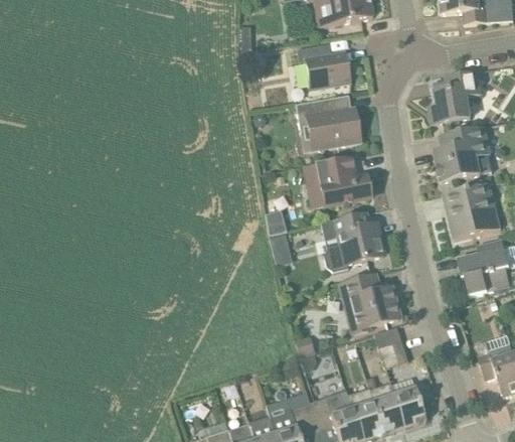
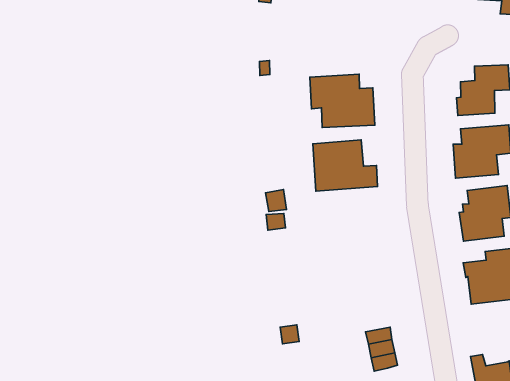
building: [291,44,351,88] -> none
building: [319,212,383,270] -> none
building: [341,272,399,328] -> none

